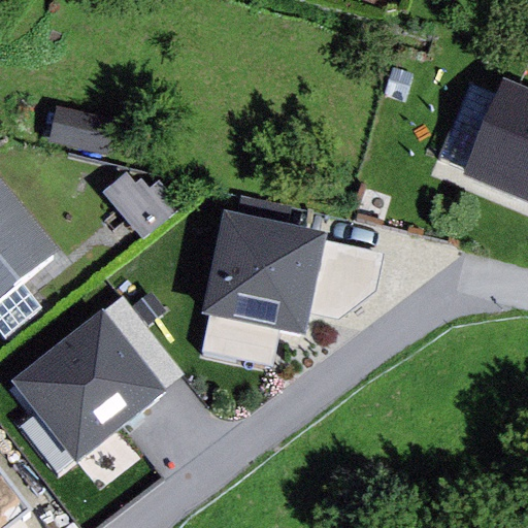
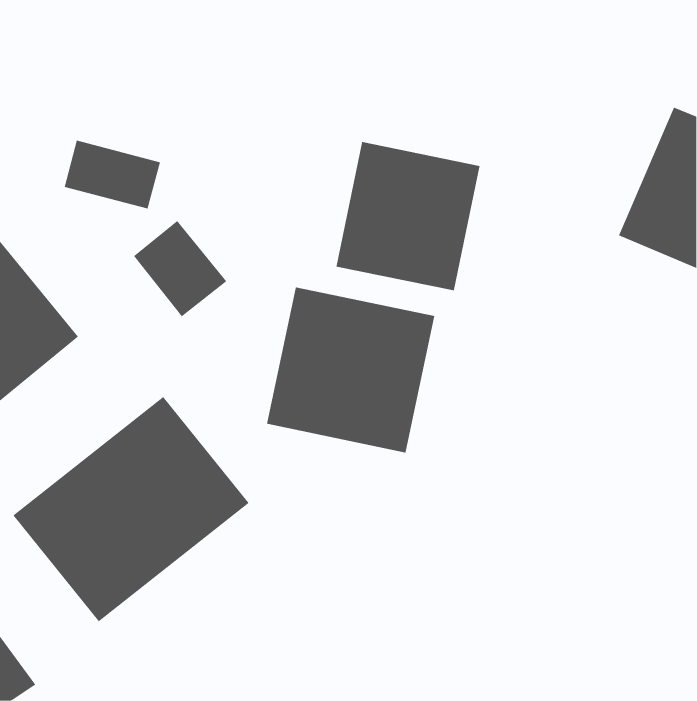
building: none -> [336,141,480,291]

